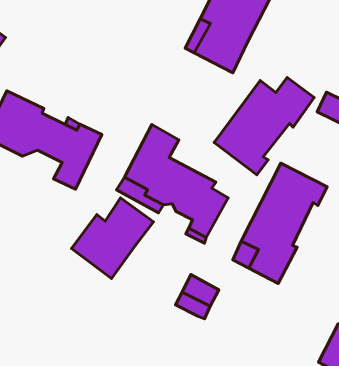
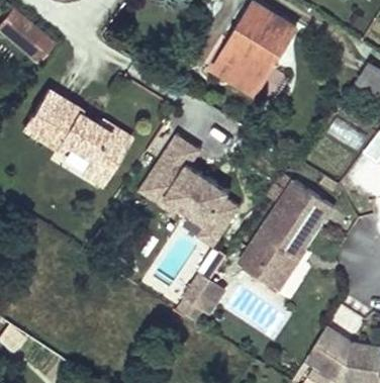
building: [214,78,314,175] -> none
building: [72,198,154,278] -> none

